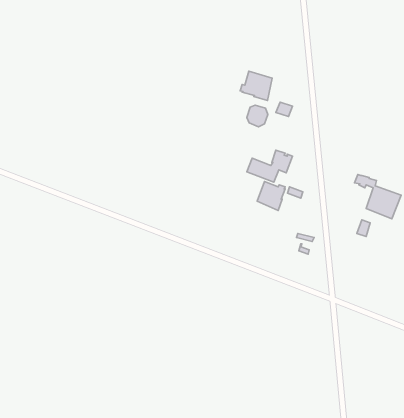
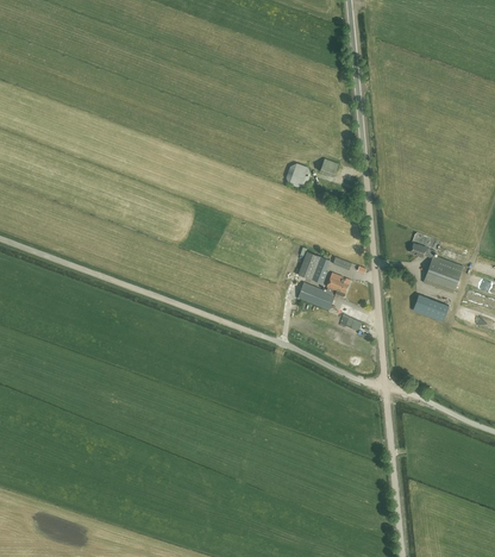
building: [240,71,272,100] -> none
building: [247,150,292,182] -> [297,273,350,309]

